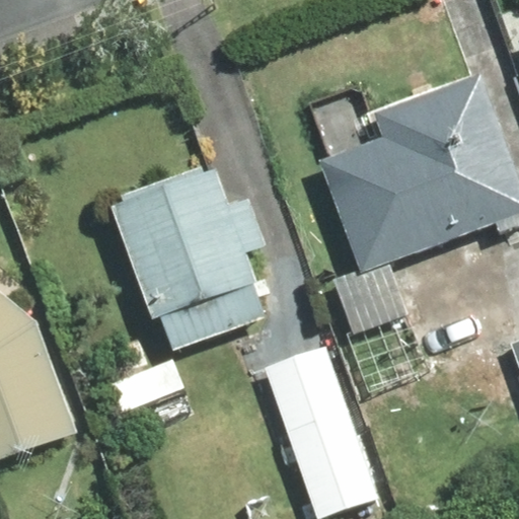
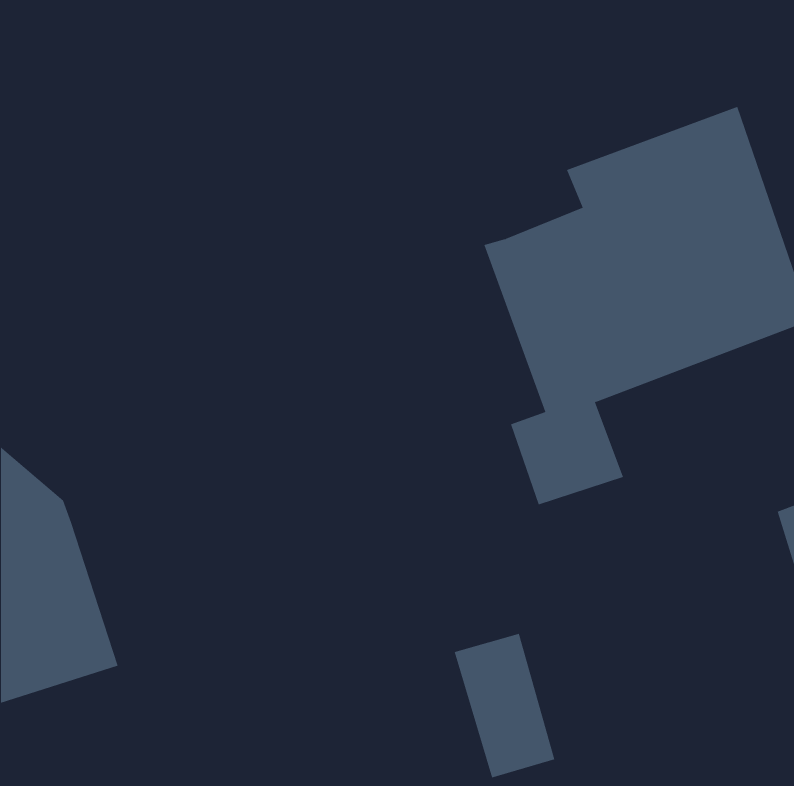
building: [104,164,269,352] -> none

